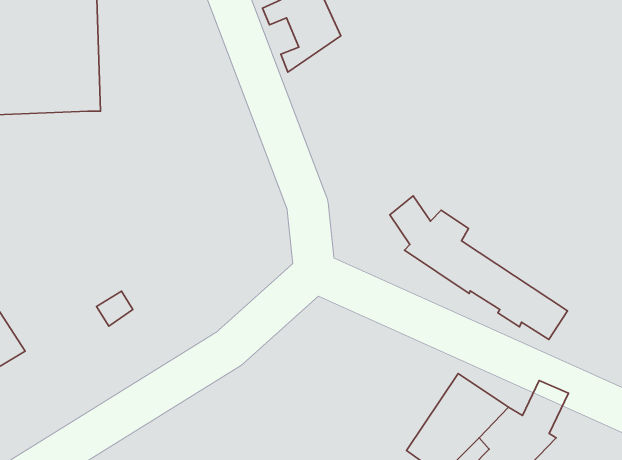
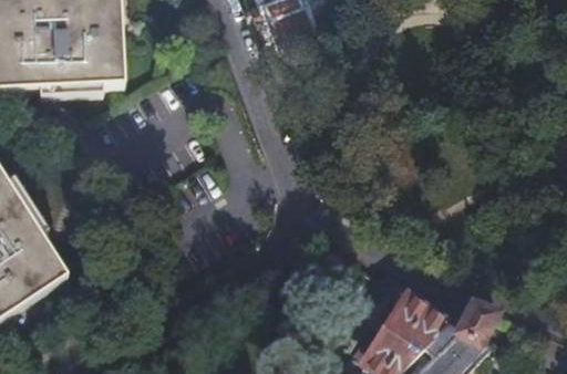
building: [390,196,567,340] -> none

